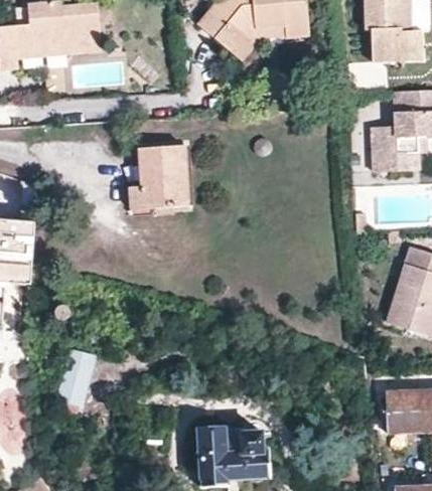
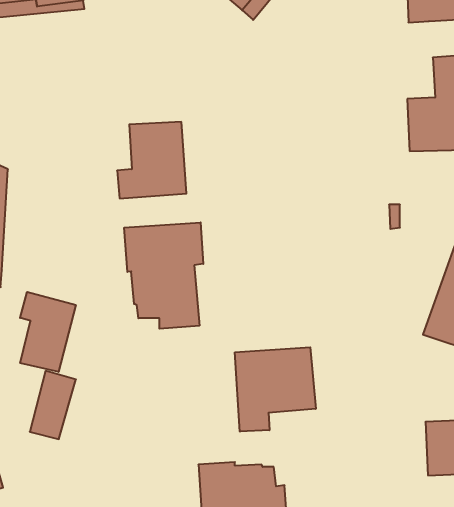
building: none -> [124,222,203,329]
building: none -> [20,292,76,372]
building: none -> [235,347,316,432]

